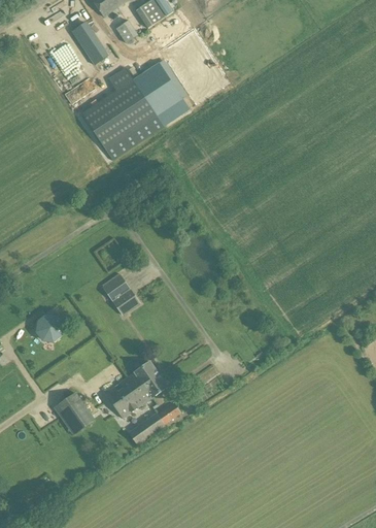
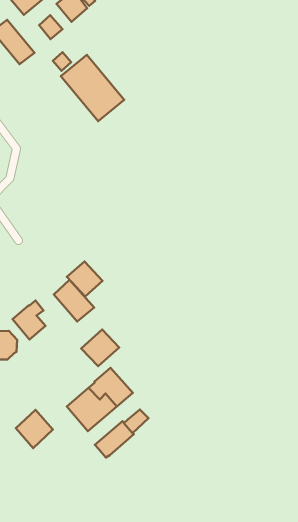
building: [81,66,163,158] -> none
building: none -> [67,261,103,296]
building: none -> [13,300,46,340]
building: none -> [81,330,119,366]

